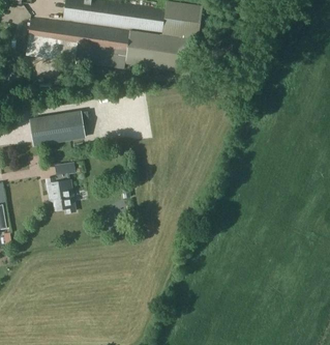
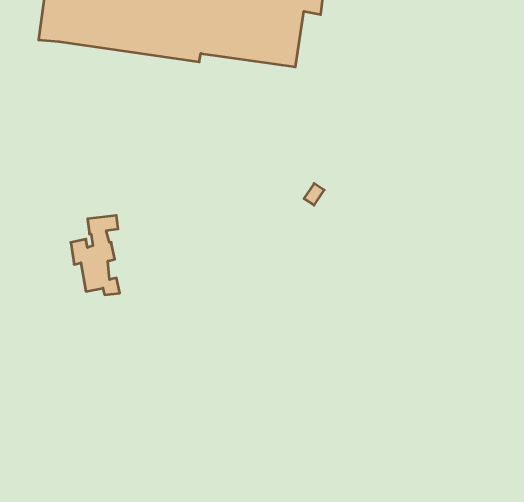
building: [30,111,90,144] -> none

